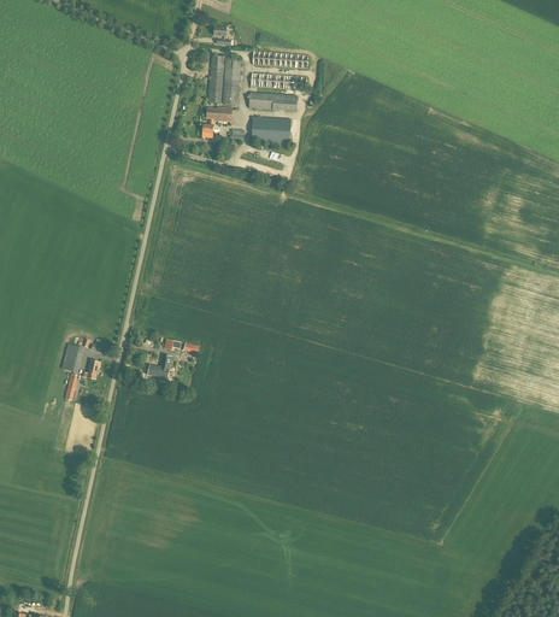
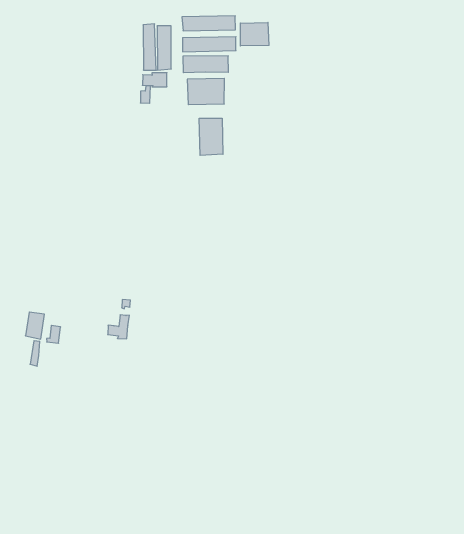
building: none -> [240,22,269,46]
building: none -> [199,118,223,155]

